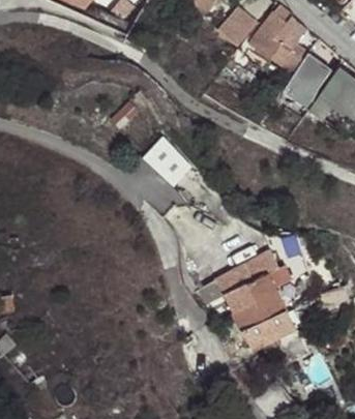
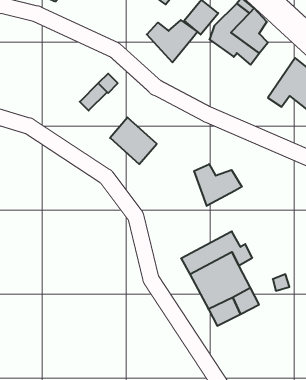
building: none -> [147,20,197,62]
building: [279,52,327,104] -> none
building: none -> [194,164,242,206]

